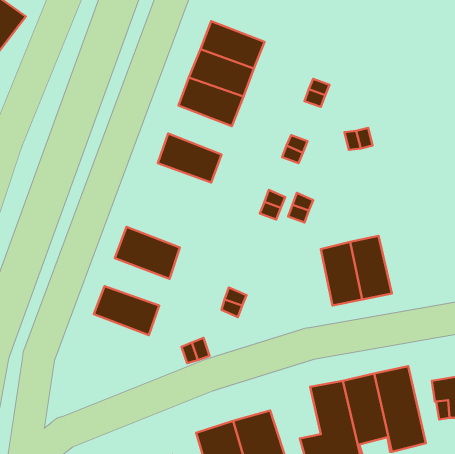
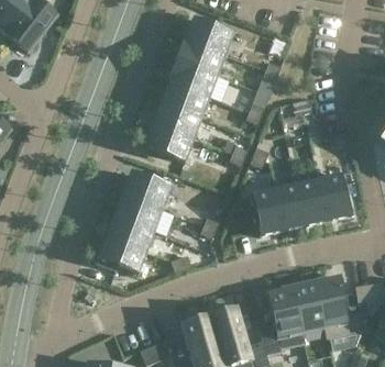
building: none -> [161,81,208,118]
building: none -> [144,124,192,160]
building: none -> [317,173,354,221]
building: none -> [250,188,283,235]
building: none -> [113,194,162,230]
building: none -> [96,236,146,271]

